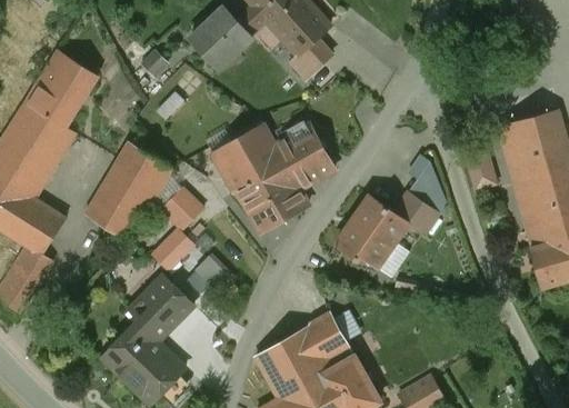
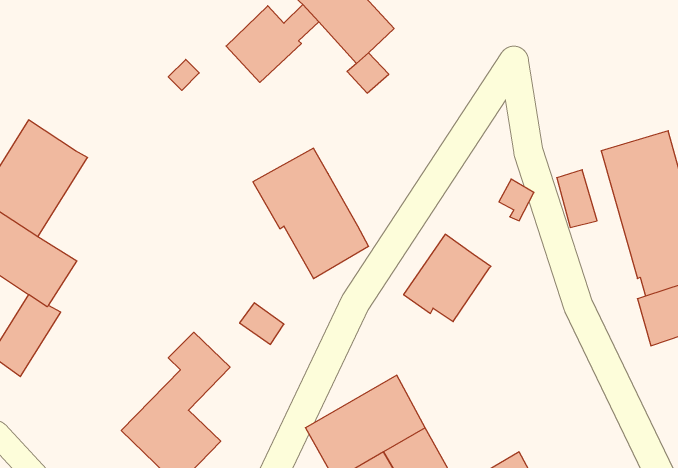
building: [26,50,97,127] -> none
building: [273,126,333,189] -> none
building: [84,141,171,240] -> none
building: [154,181,211,269] -> none
building: [393,192,437,235] -> none

